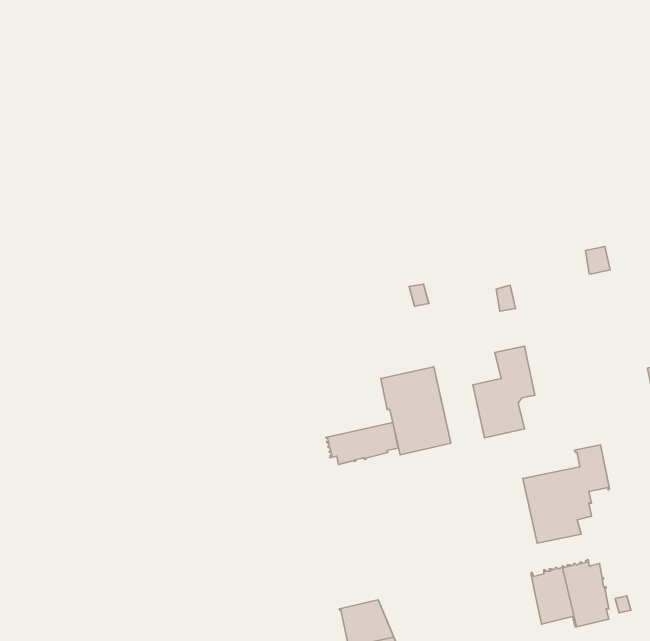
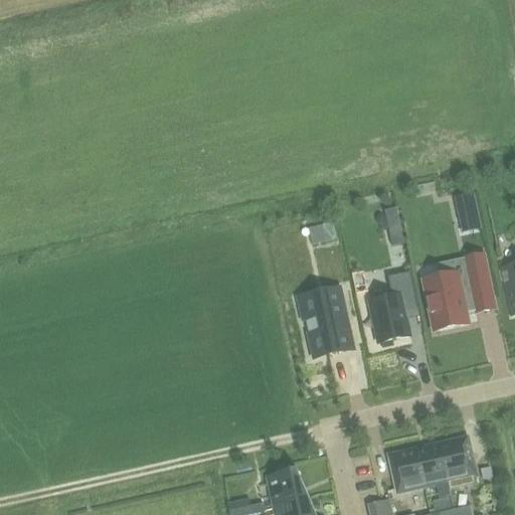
building: [326,423,398,464] -> none
building: [523,445,610,543] -> [421,252,489,329]
building: none -> [388,447,421,491]

